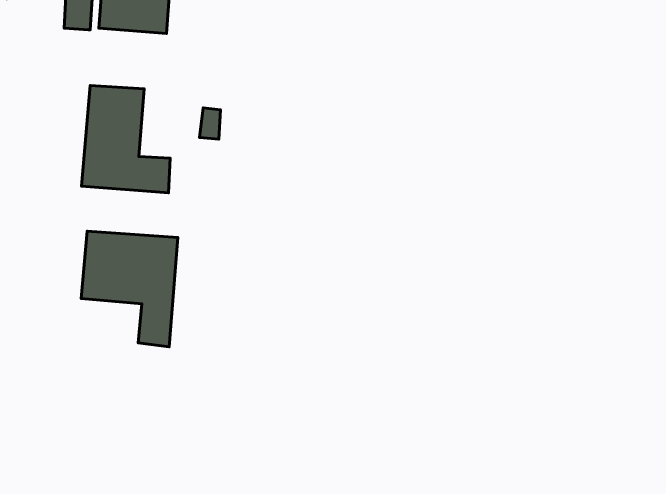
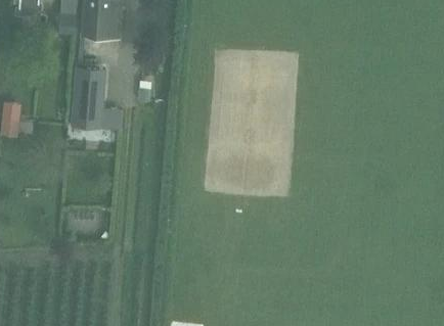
building: [81,231,178,347] -> none

